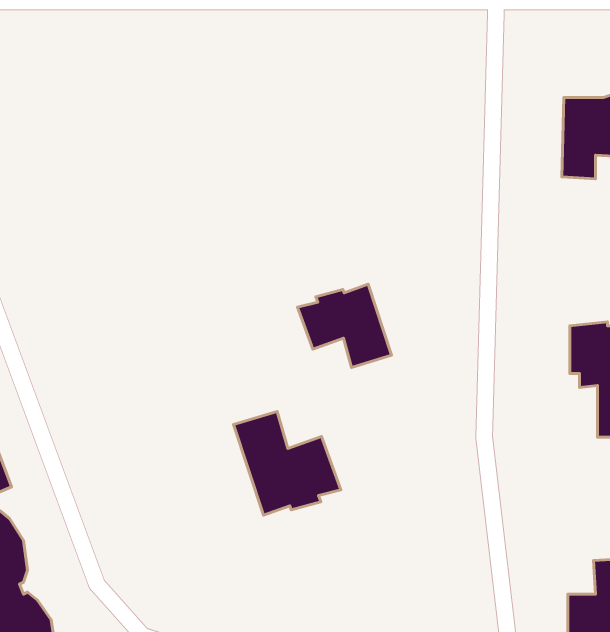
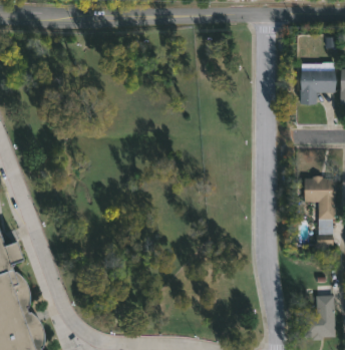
building: [297,284,392,367] -> none
building: [233,411,341,515] -> none

